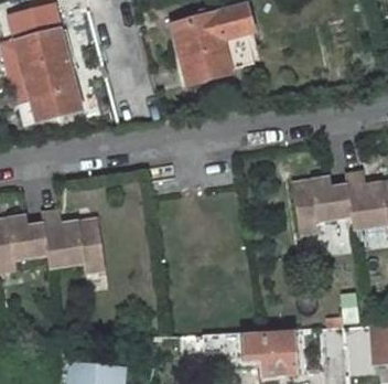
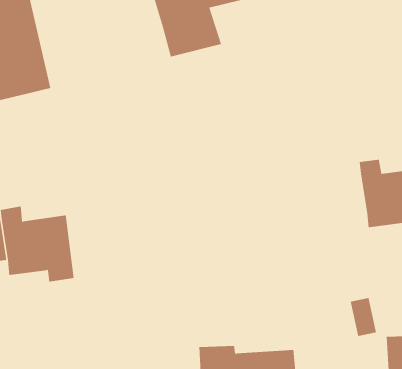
building: [292,174,353,232] -> none

